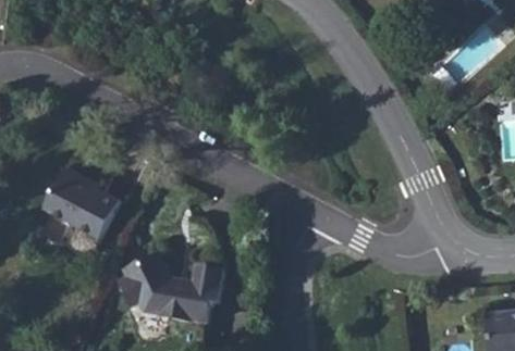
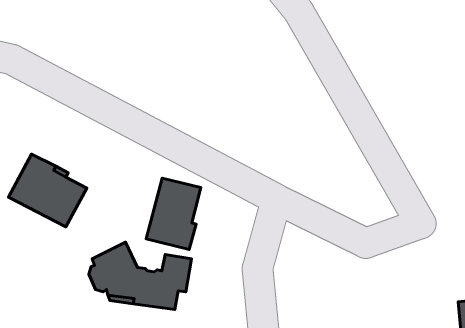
building: none -> [146,178,201,250]

